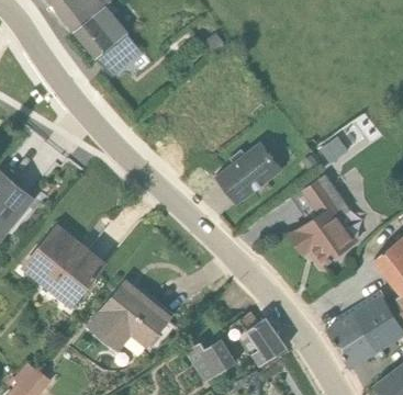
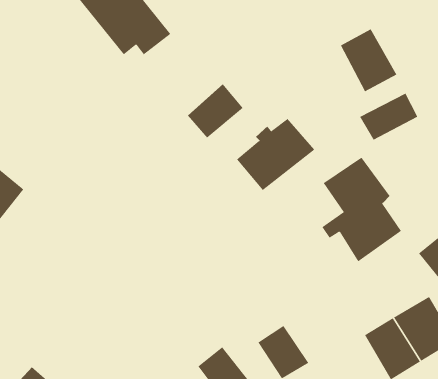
building: none -> [340,28,397,92]
building: none -> [187,84,243,139]
building: [21,230,105,307] -> none
building: [88,281,170,353] -> none

